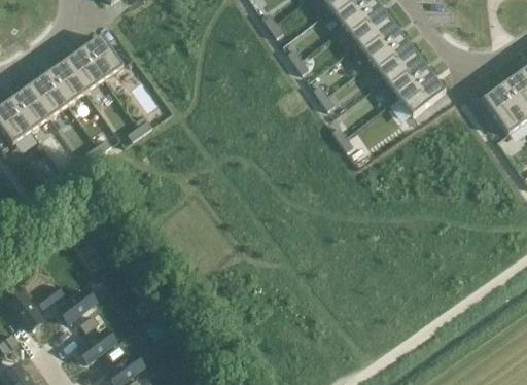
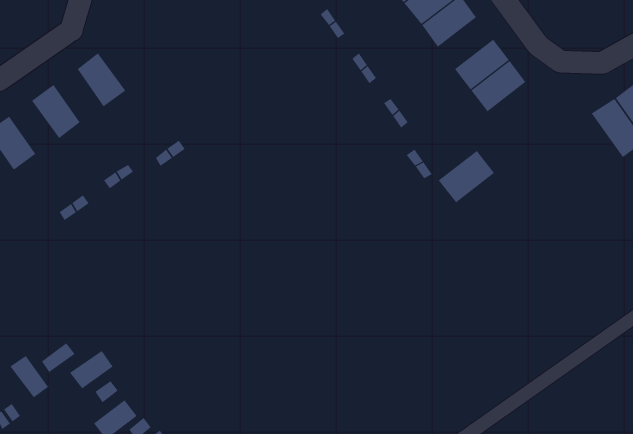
building: [357,18,402,60] -> none
building: [81,33,122,77] -> none
building: [45,60,85,103] -> none
building: [397,70,444,113] -> [438,150,495,203]
building: [9,85,49,129] -> none

